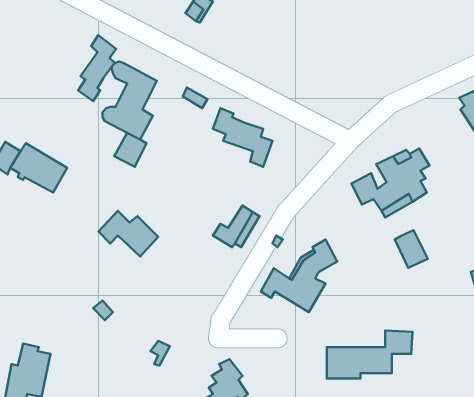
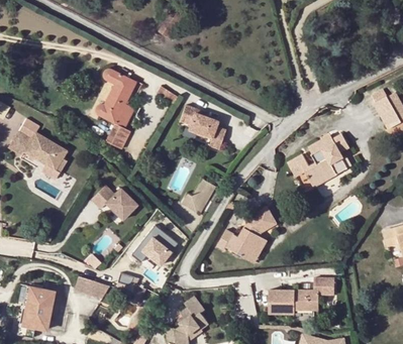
building: [78,35,116,101] -> none
building: [395,230,428,268] -> none
building: none -> [131,224,178,265]
building: none -> [75,276,109,299]

